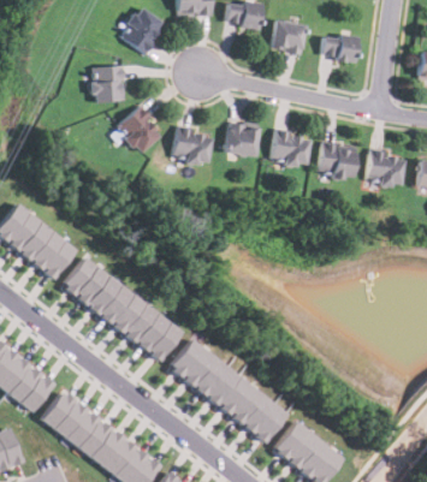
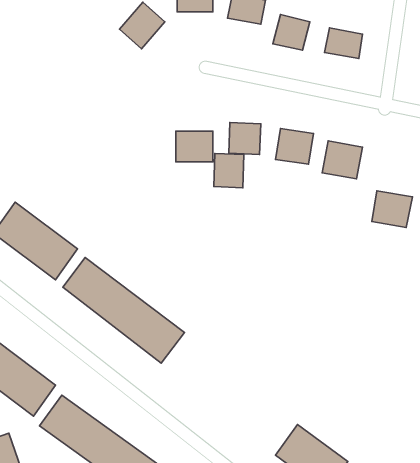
building: [94,67,124,102] -> none
building: [118,109,160,154] -> none
building: [366,151,405,188] -> [372,191,412,228]
building: none -> [214,153,244,188]
building: [167,339,287,442] -> none

